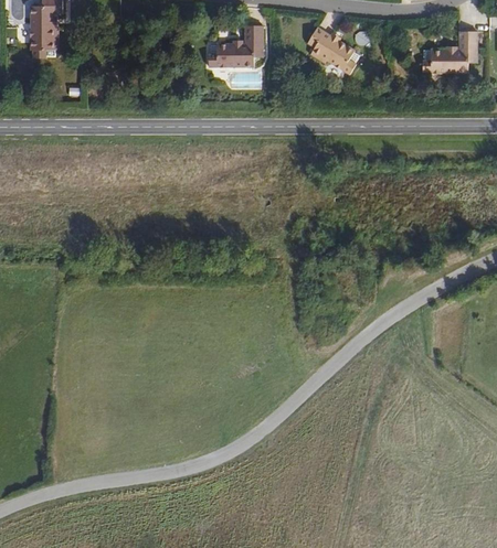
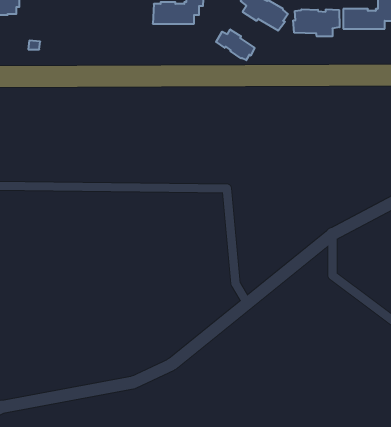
building: none -> [293,9,340,36]
building: none -> [216,29,255,60]

